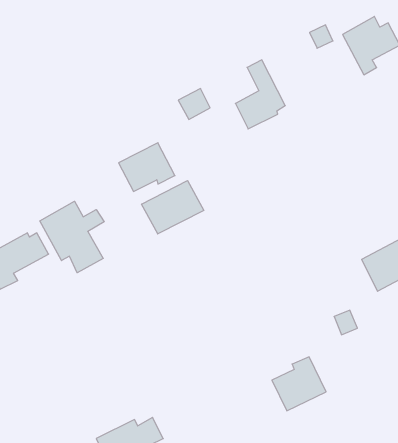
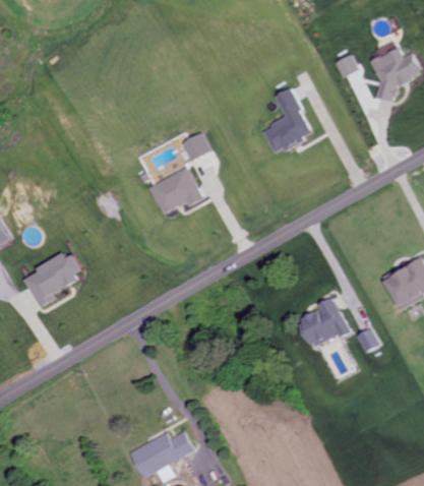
building: [178,89,210,119] -> [180,131,210,161]
building: [142,181,204,234] -> none
building: [40,201,104,273] -> none
building: [272,357,326,411] -> [297,297,349,349]

